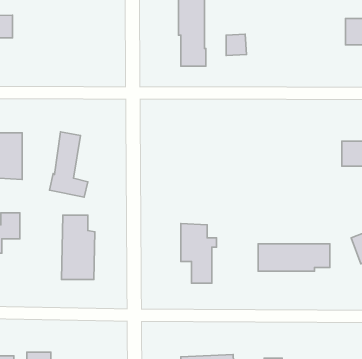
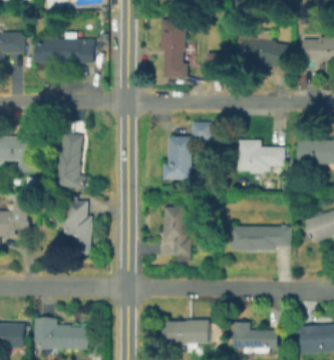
building: none -> [234,34,287,64]
building: none -> [35,39,93,64]
building: none -> [160,120,210,175]
building: none -> [241,141,285,170]

